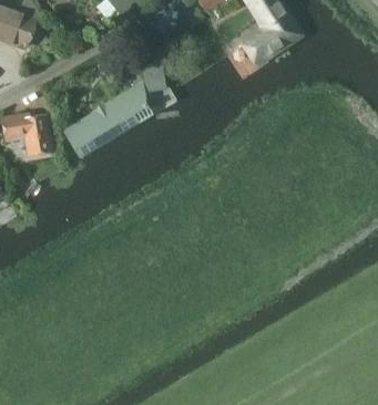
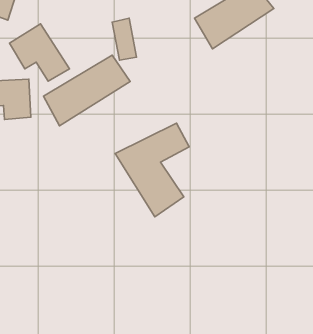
building: none -> [9,24,69,81]
building: none -> [115,123,189,217]

